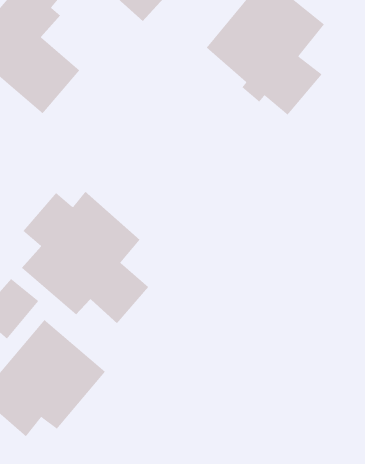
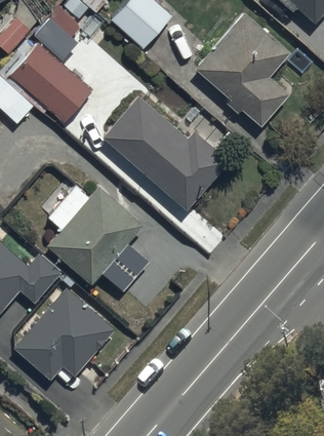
building: none -> [103,96,230,210]

